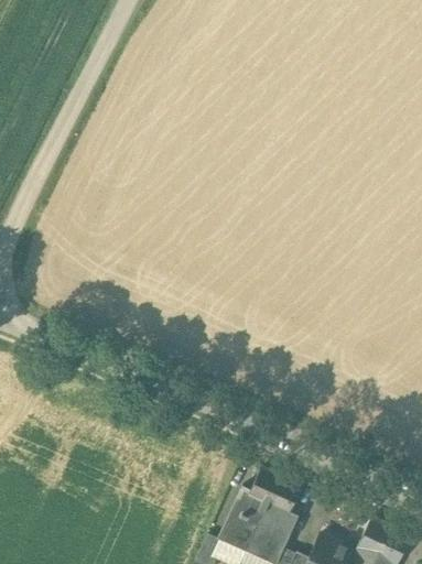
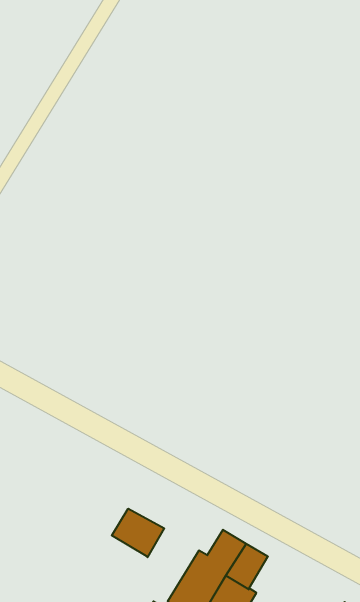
building: none -> [112,509,164,557]

